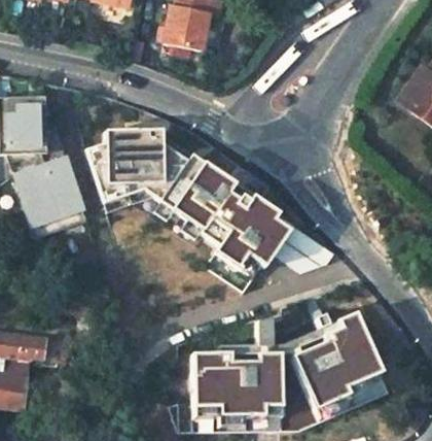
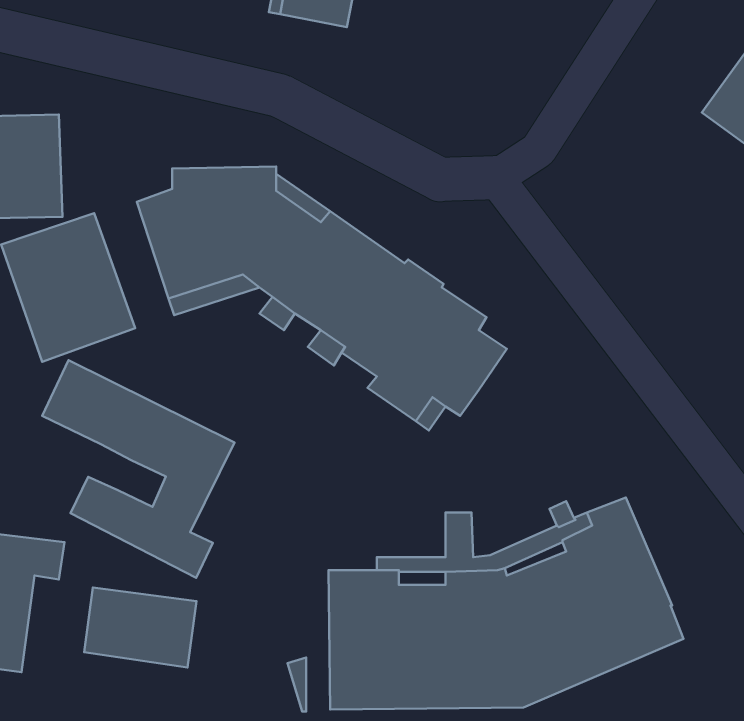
building: [275,225,334,272] -> none
building: none -> [42,360,235,578]
building: none -> [84,587,196,667]

